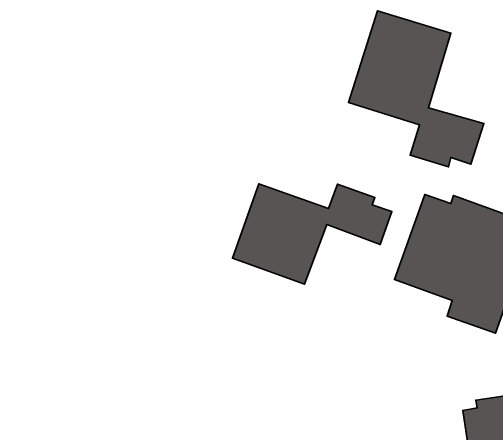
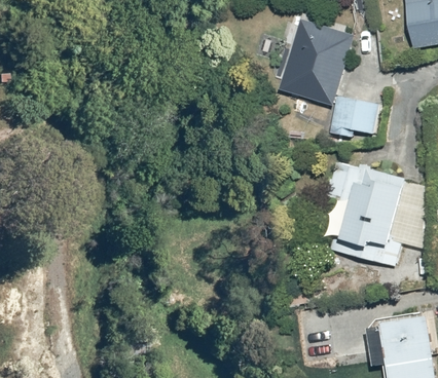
building: [232,184,392,284] -> none

